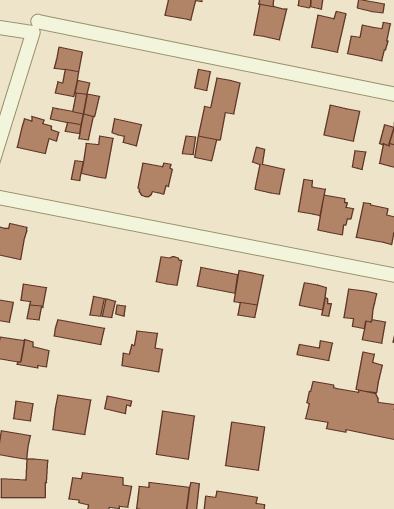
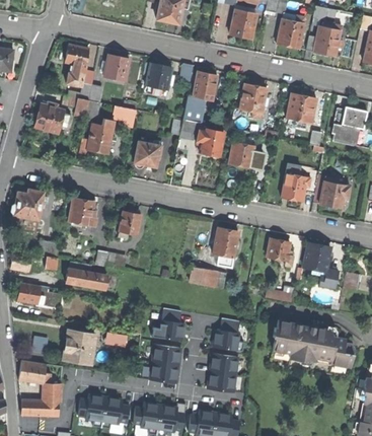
building: none -> [103,55,129,80]
building: none -> [146,62,172,89]
building: none -> [239,82,267,117]
building: none -> [197,127,224,155]
building: [299,179,325,216] -> none
building: none -> [69,198,96,226]
building: [156,257,182,285] -> [119,211,140,234]
building: [197,267,238,293] -> [190,267,223,288]
building: [122,331,163,372] -> [151,308,184,342]
building: [356,352,382,393] -> none
building: none -> [212,318,243,351]

